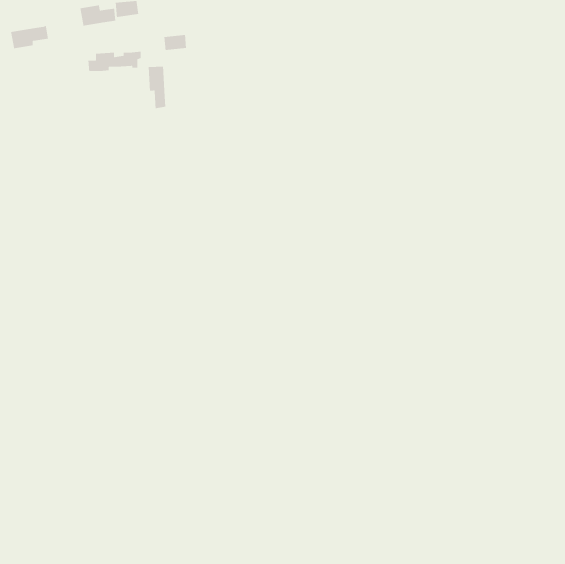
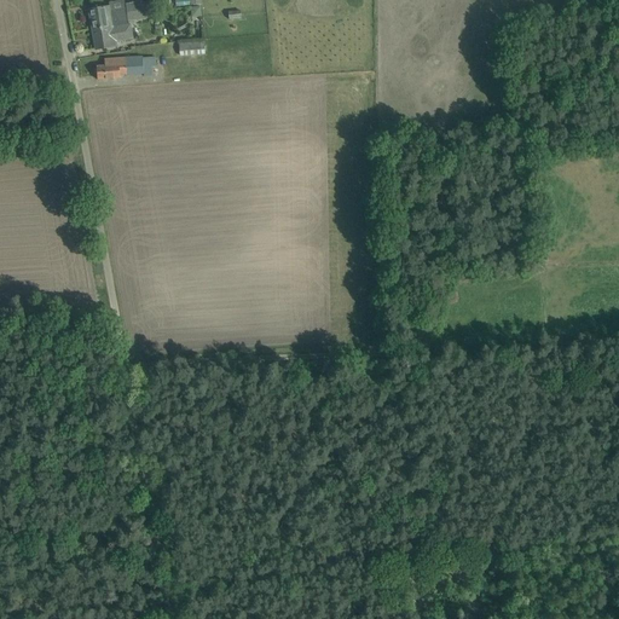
building: [10,25,49,49] -> [91,22,133,48]
building: [148,66,166,109] -> none

